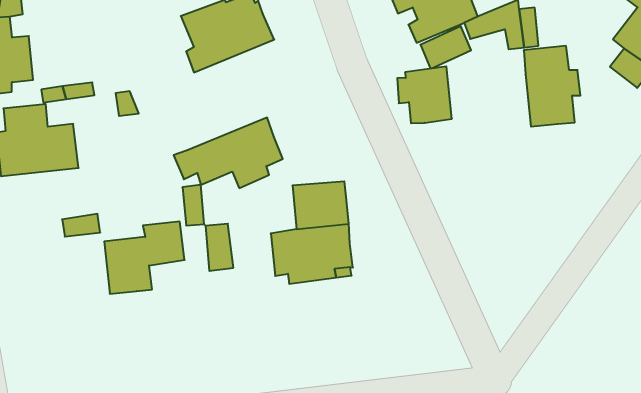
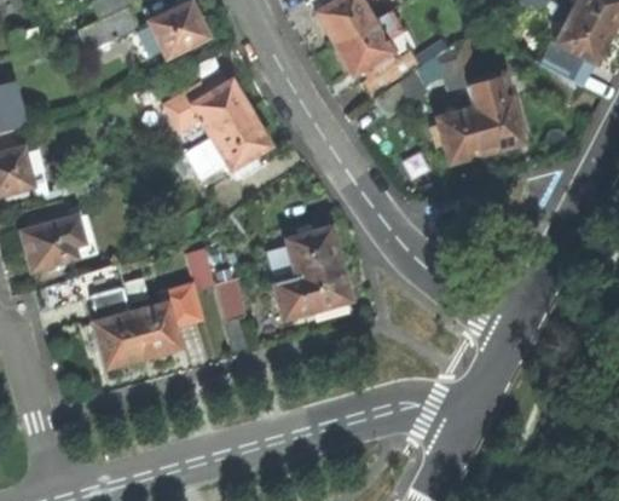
building: [397,66,452,123] -> [432,108,485,162]
building: [174,118,283,188] -> [173,113,268,180]
building: none -> [93,312,141,367]

